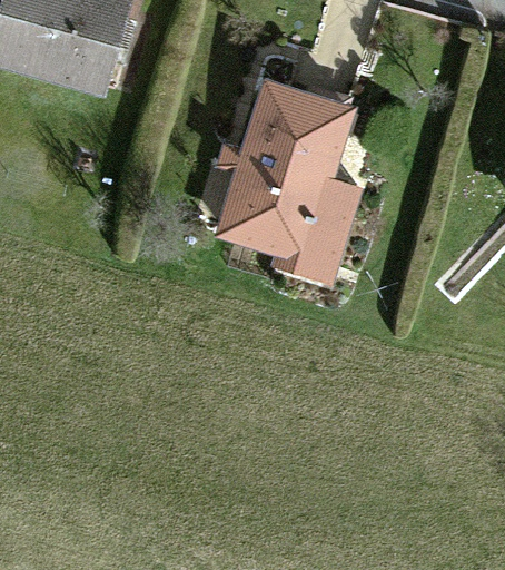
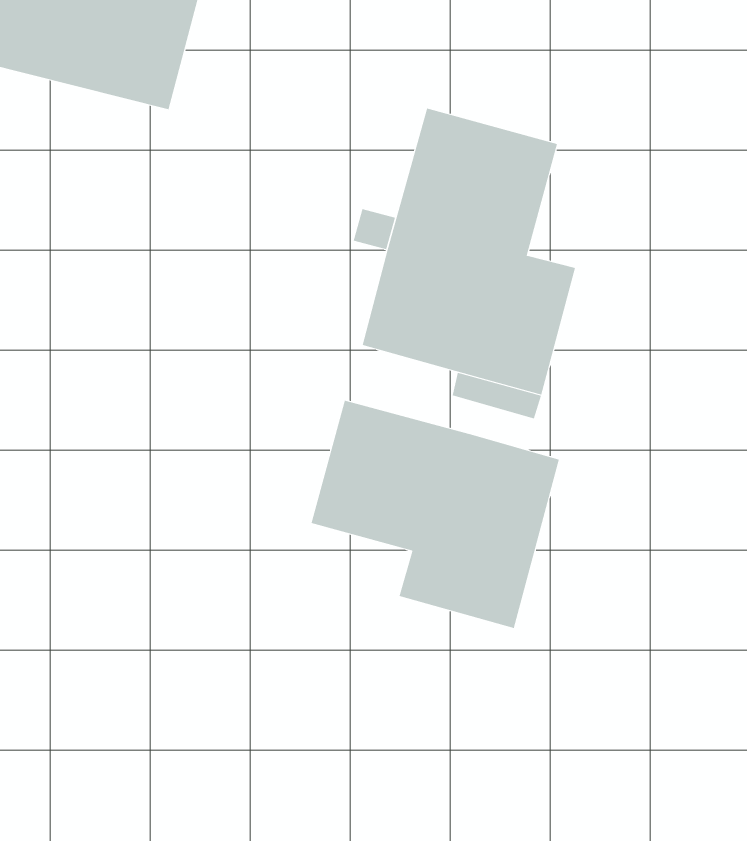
building: none -> [311,400,560,629]

